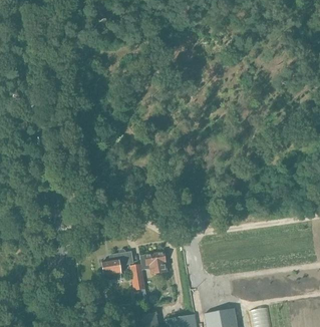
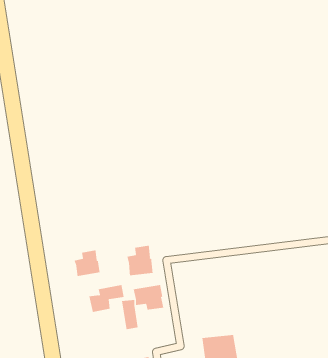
building: none -> [127,245,153,276]
building: none -> [74,249,100,277]

